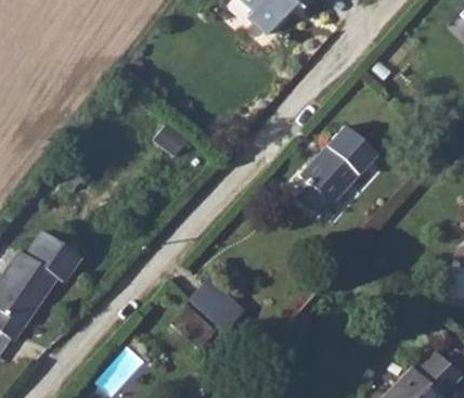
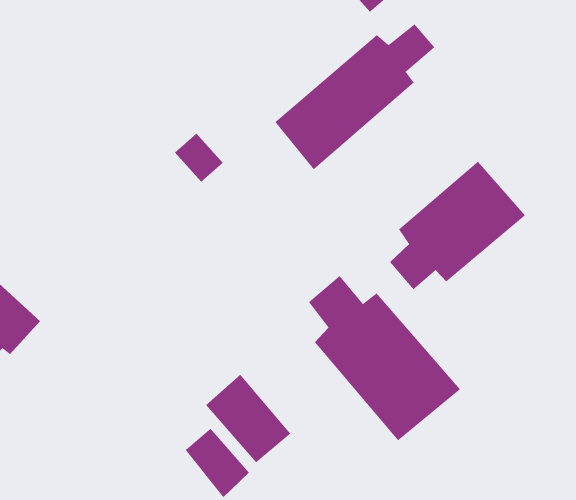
building: none -> [274,24,435,170]
building: none -> [308,275,461,441]

